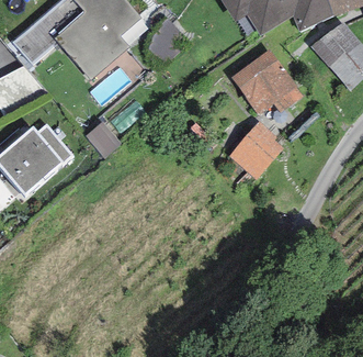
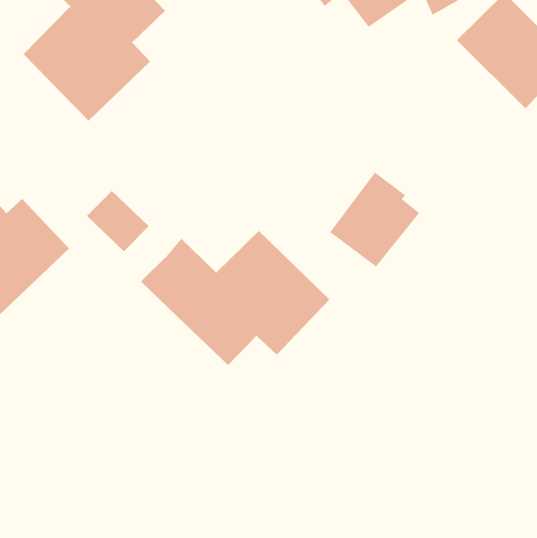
building: [230,49,303,115] -> none
building: none -> [140,230,330,366]

